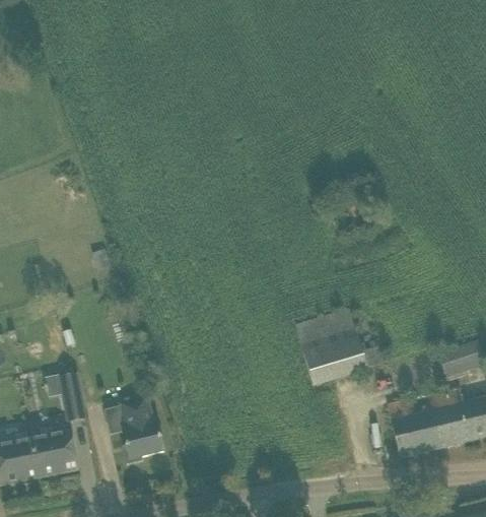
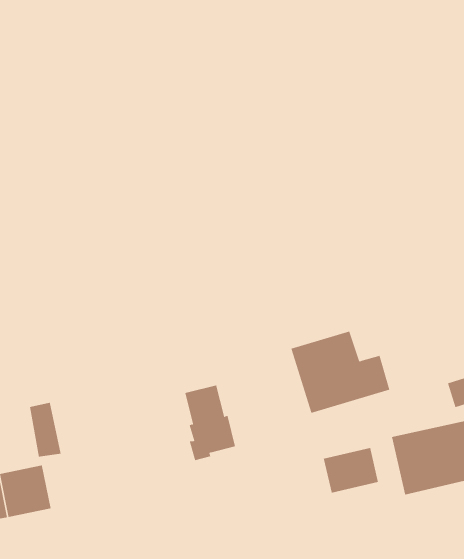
building: [116,395,162,464] -> [185,385,236,461]
building: none -> [323,447,379,494]

